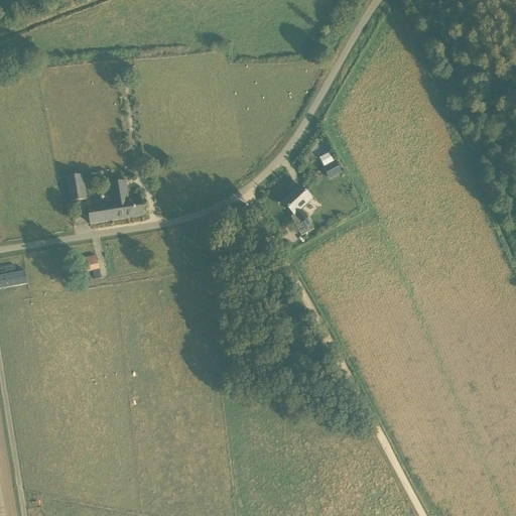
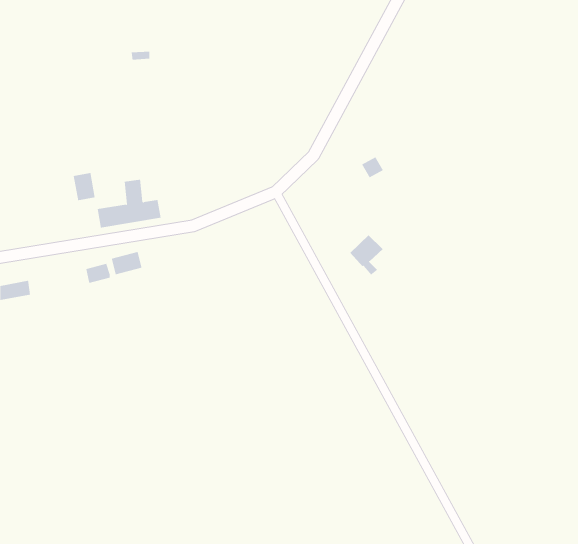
building: [282,184,312,221] -> [349,235,383,275]
building: none -> [111,251,142,275]

